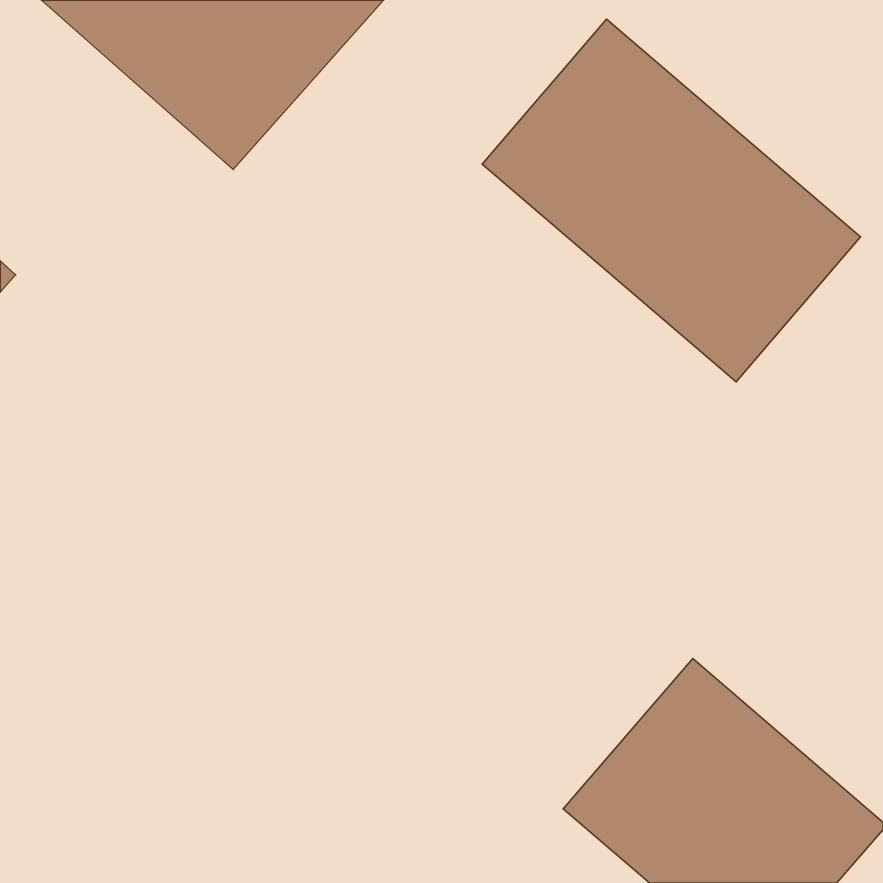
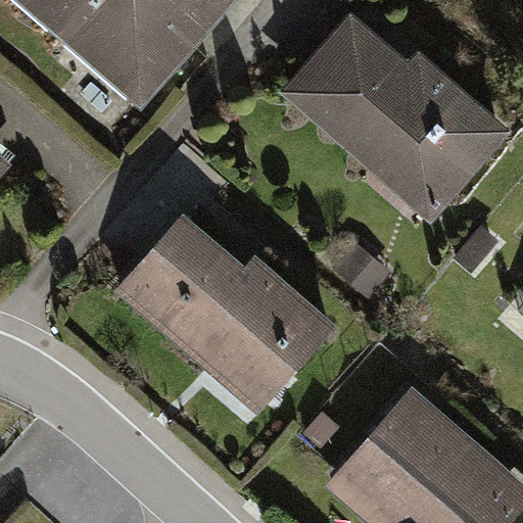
building: none -> [120,218,332,410]

